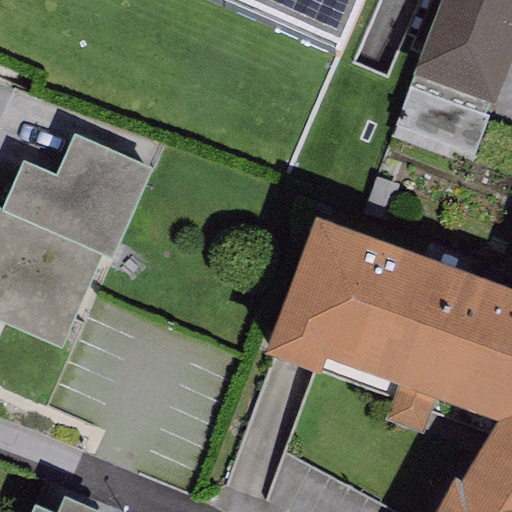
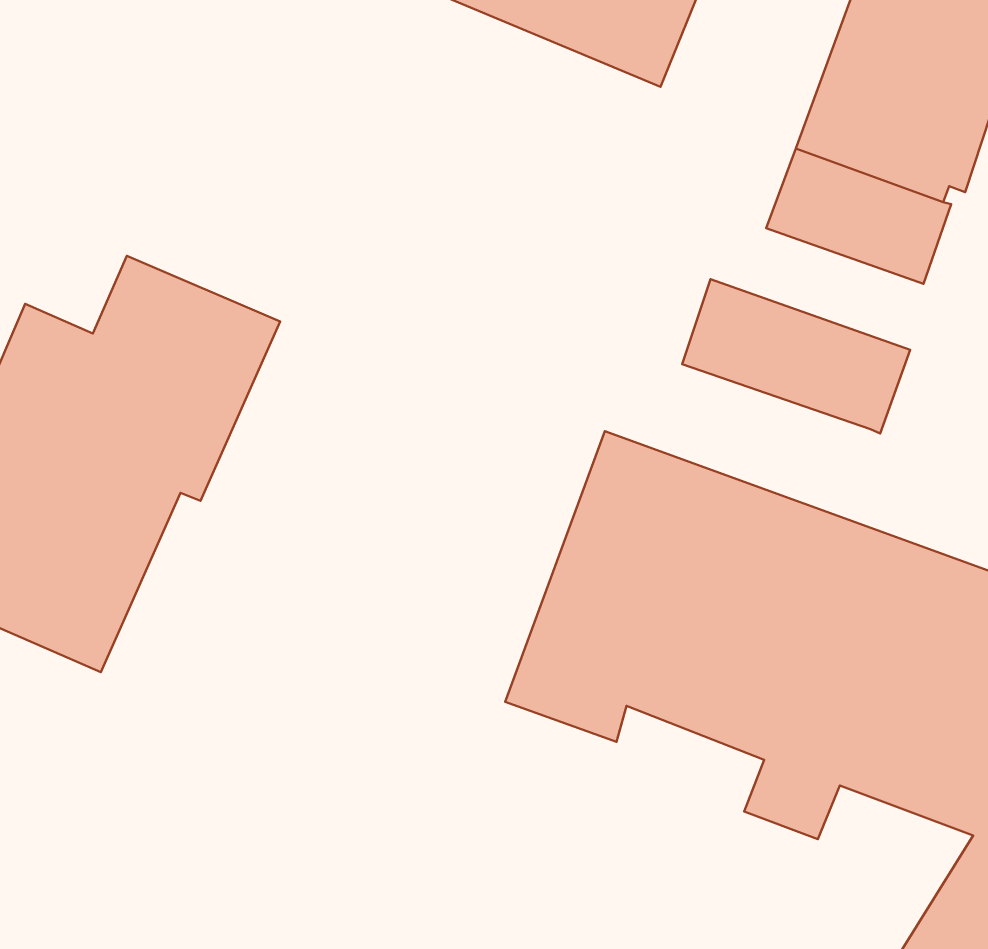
building: none -> [682,279,910,433]

